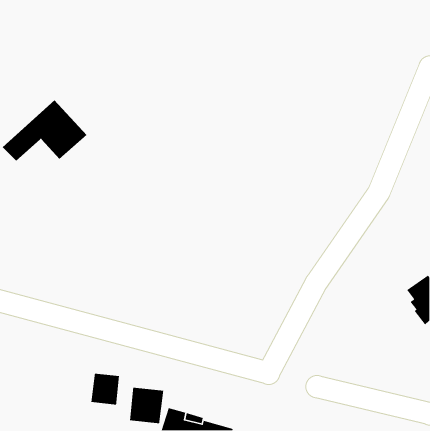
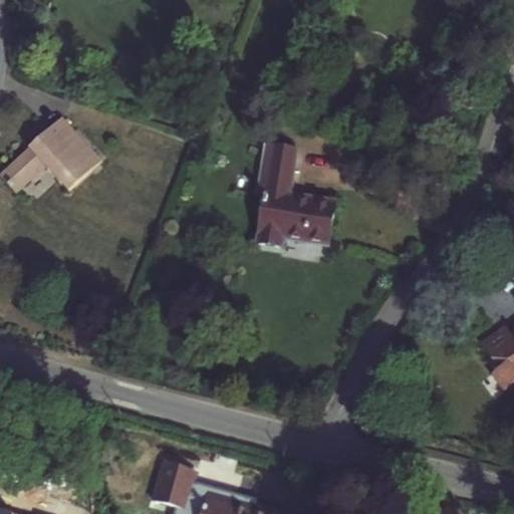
building: none -> [259,147,331,245]
building: [91,373,120,405] -> none

